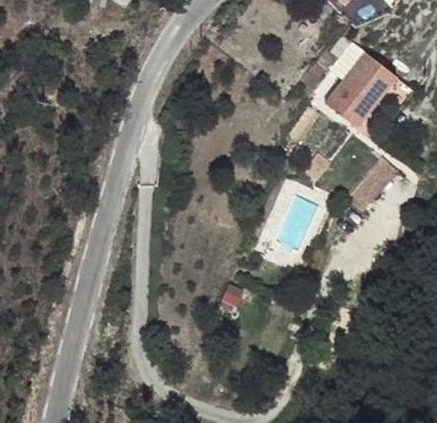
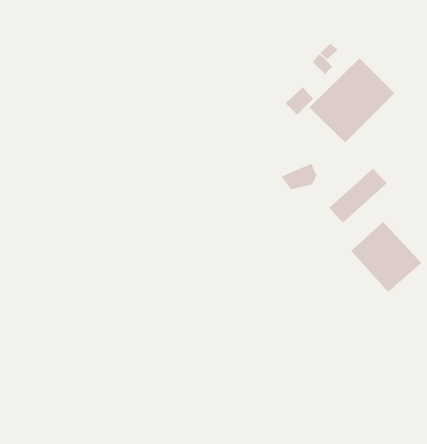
building: none -> [350,221,422,293]

